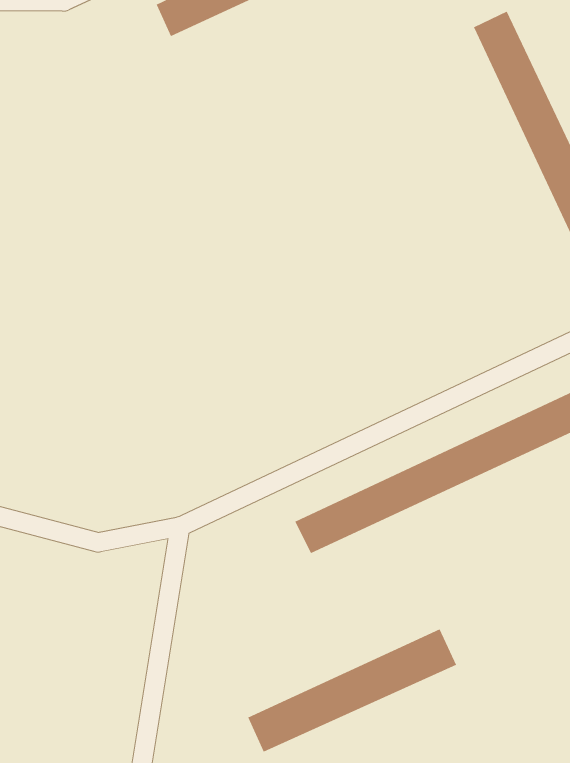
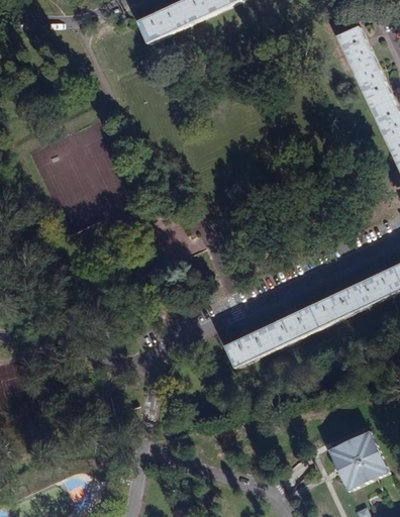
building: [247,629,457,753] -> none
building: none -> [331,433,387,487]

